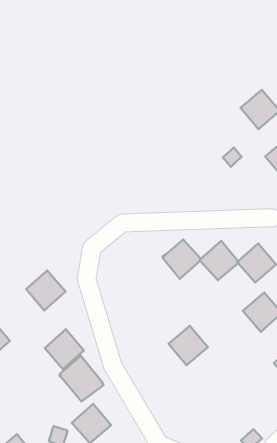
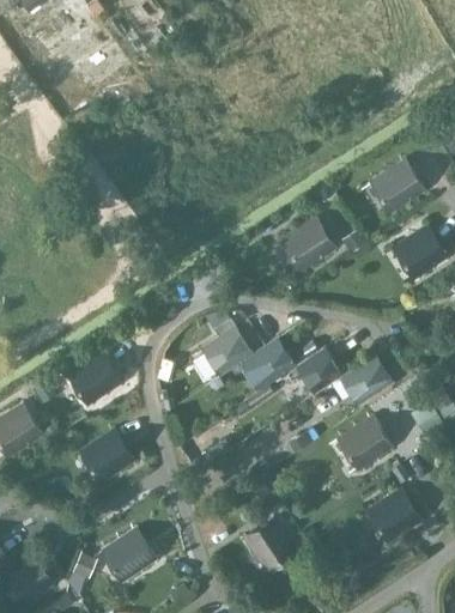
building: none -> [284,219,333,268]
building: none -> [194,318,253,381]
building: [169,326,208,365] -> [245,520,295,569]
building: [59,356,103,402] -> none

